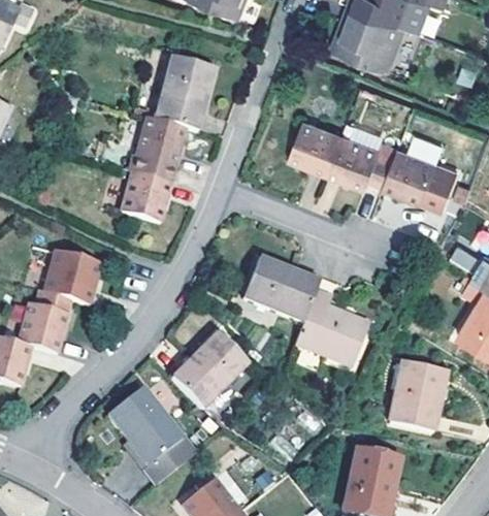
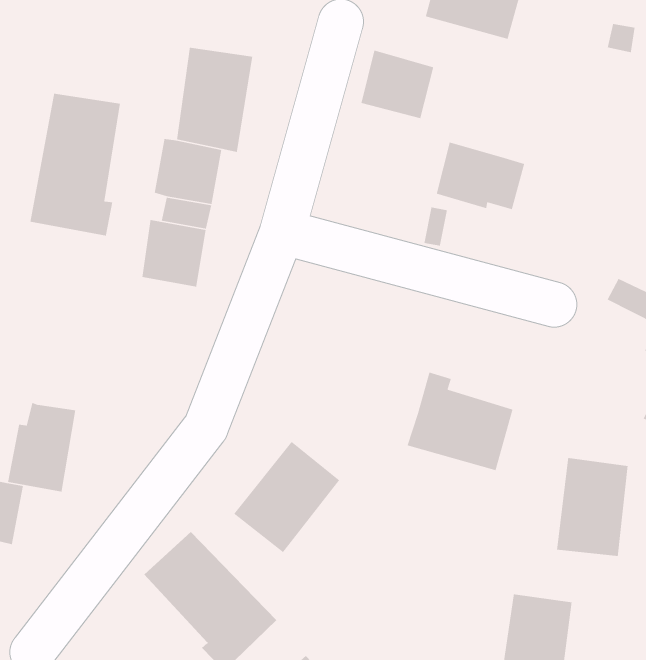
building: none -> [29,93,121,236]
building: [290,121,343,171] -> [361,49,434,119]
building: [382,149,455,209] -> none
building: [45,252,100,302] -> none
building: [244,259,319,320] -> none

